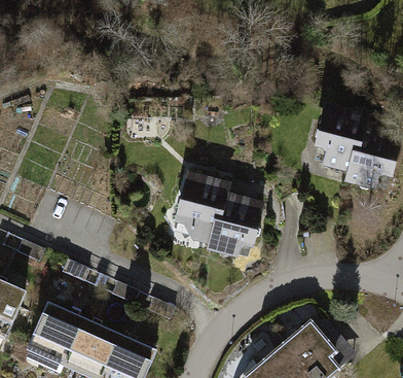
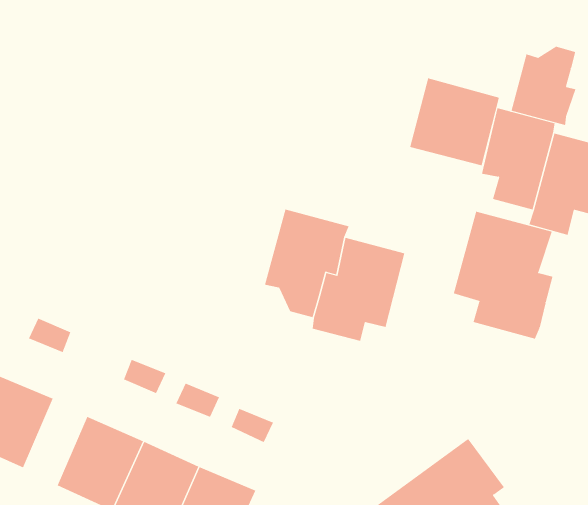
building: none -> [511,46,576,126]
building: none -> [409,78,499,166]
building: none -> [453,211,553,339]

